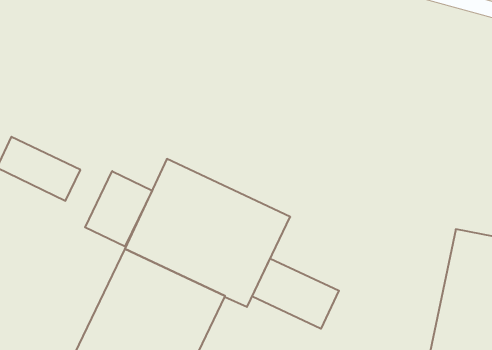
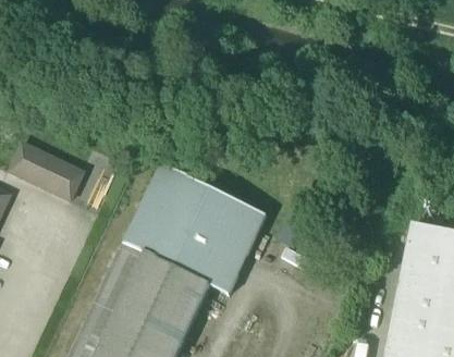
building: [85,171,152,247] -> none
building: [252,258,339,329] -> none

